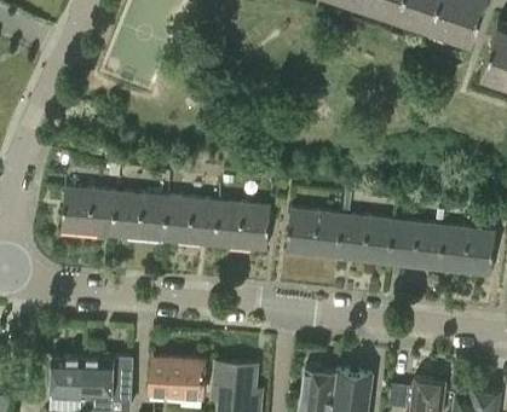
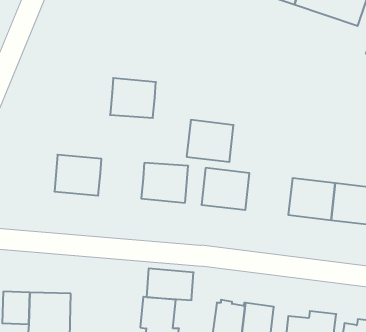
building: [59,188,115,237] -> none
building: [163,198,218,245] -> [110,78,156,118]
building: [338,215,393,265] -> [187,120,234,162]
building: [149,356,204,394] -> [147,268,194,300]

